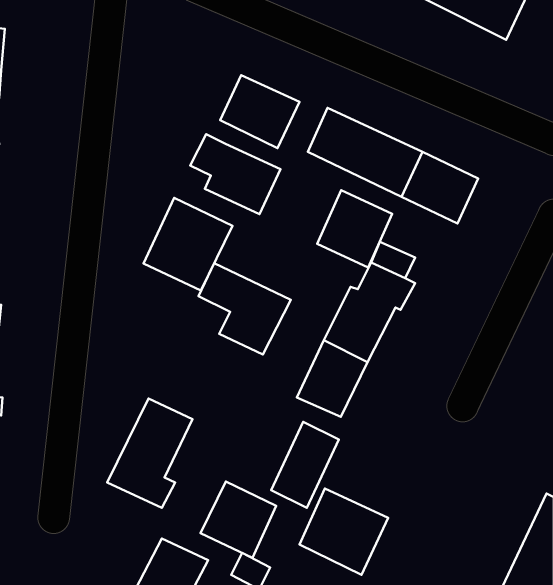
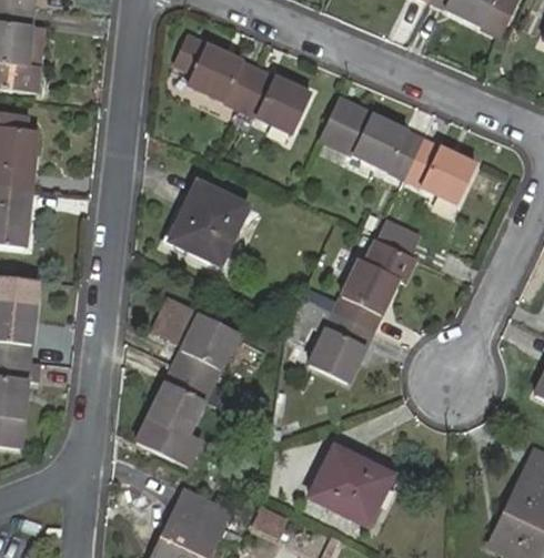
building: [190,134,280,214] -> [175,37,258,110]
building: [317,190,392,267] -> none
building: [198,263,291,354] -> [154,300,239,383]
building: [271,422,339,508] -> none
building: [200,481,276,558] -> none

